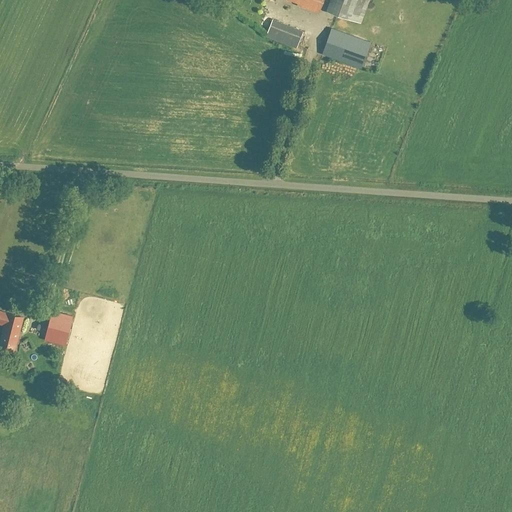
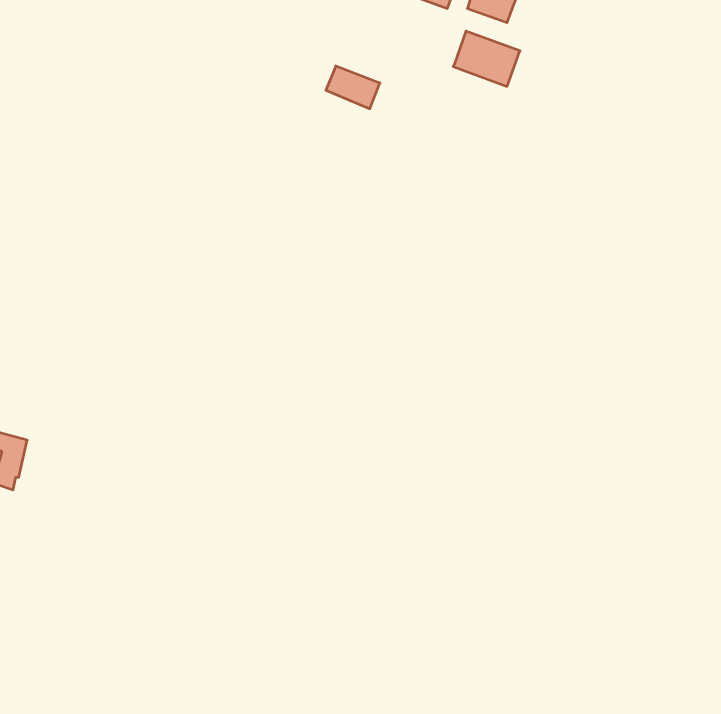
building: [265,19,303,49] -> [326,66,380,109]
building: [45,311,72,345] -> none

